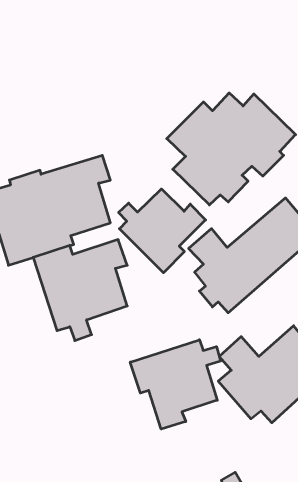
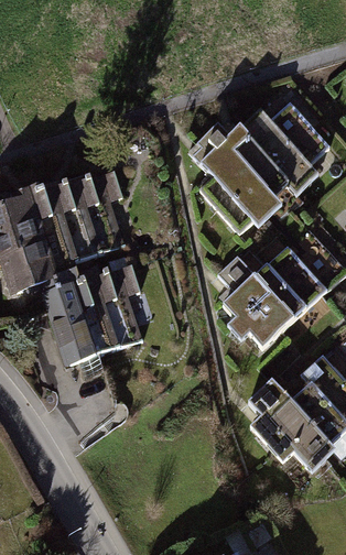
building: [119,189,206,273] -> none
building: [130,340,221,429] -> none

